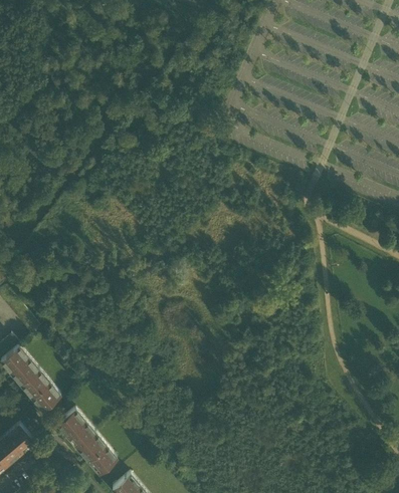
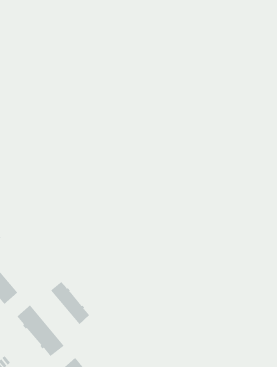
building: none -> [50,281,90,325]

